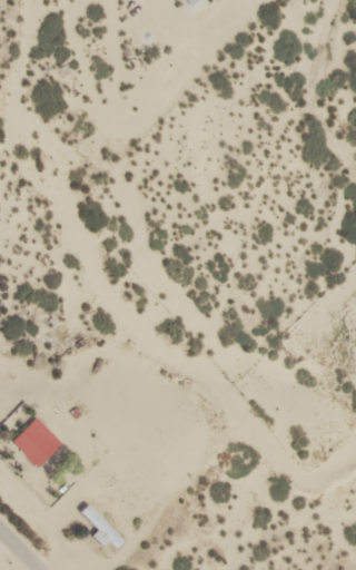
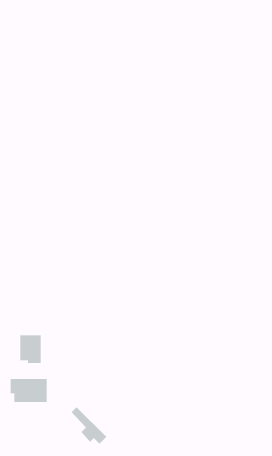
building: none -> [10,378,47,403]

